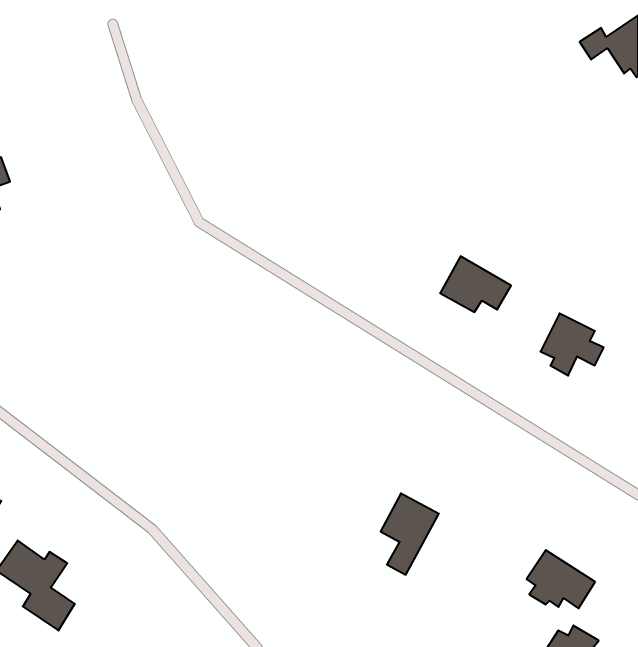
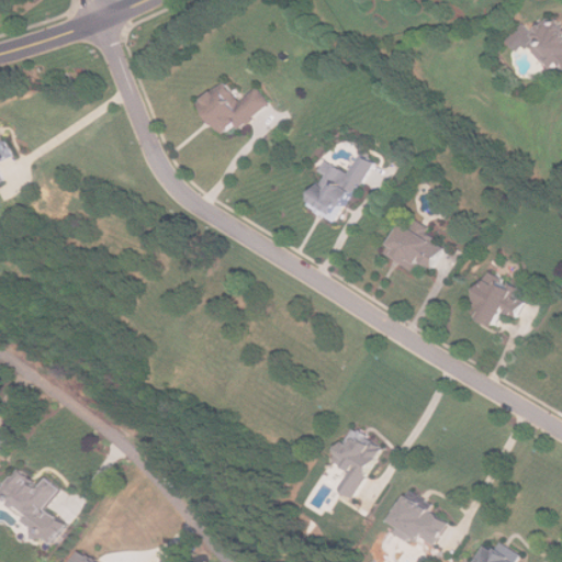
building: none -> [194,82,266,137]
building: none -> [303,154,367,224]
building: [527,550,595,608] -> [387,495,447,546]

